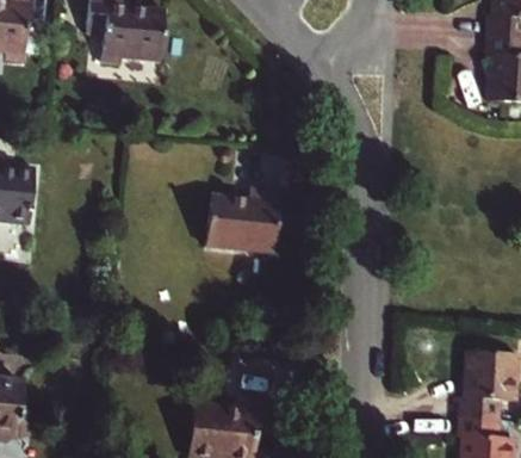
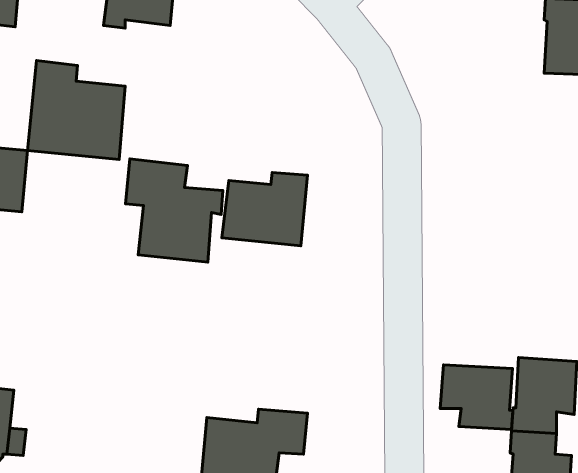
building: none -> [27,61,125,159]
building: none -> [125,159,223,262]
building: none -> [440,365,513,430]

